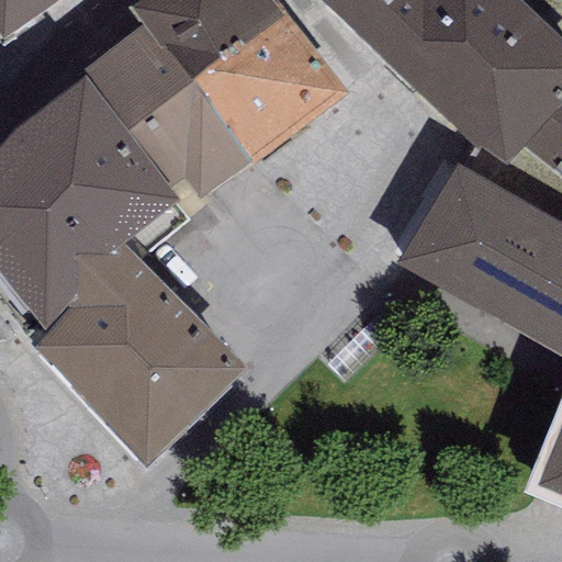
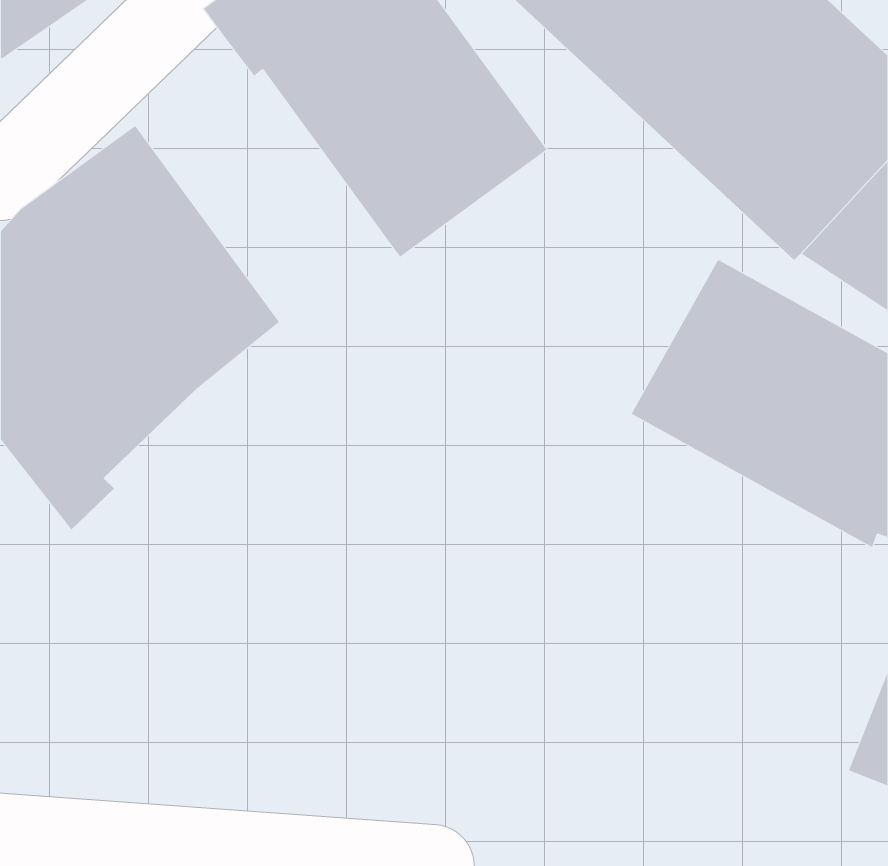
building: [80,25,249,211] -> none
building: [31,246,246,465] -> none

